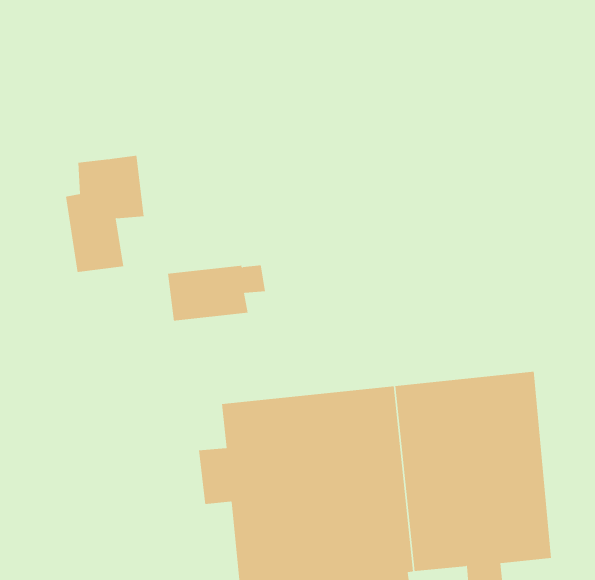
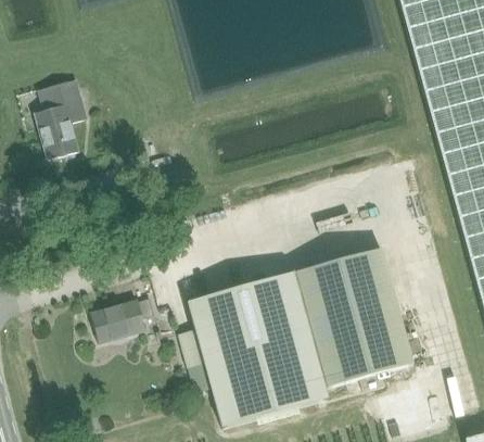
building: [65,155,144,273] -> [34,78,86,159]
building: [167,265,266,321] -> [89,296,153,341]

